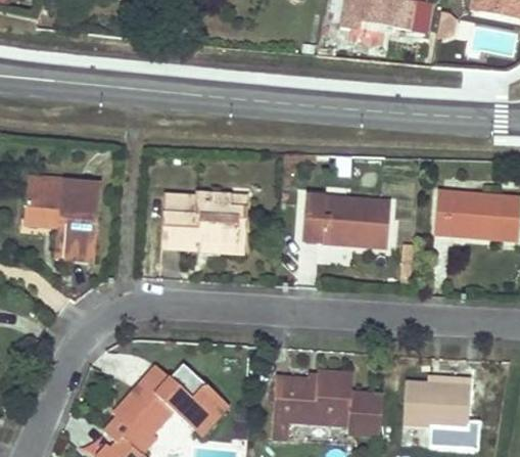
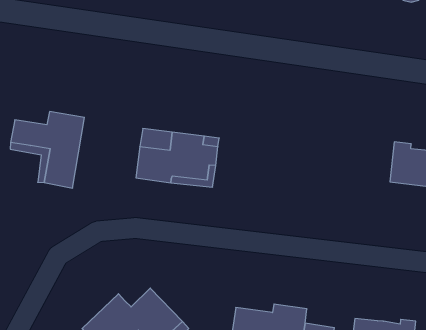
building: [301,194,390,247] -> none

